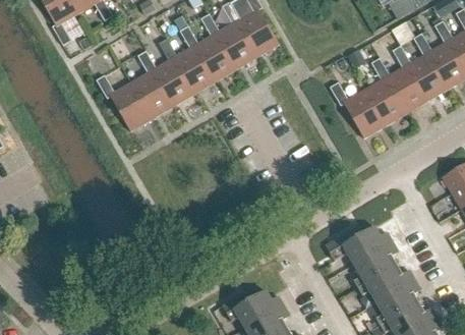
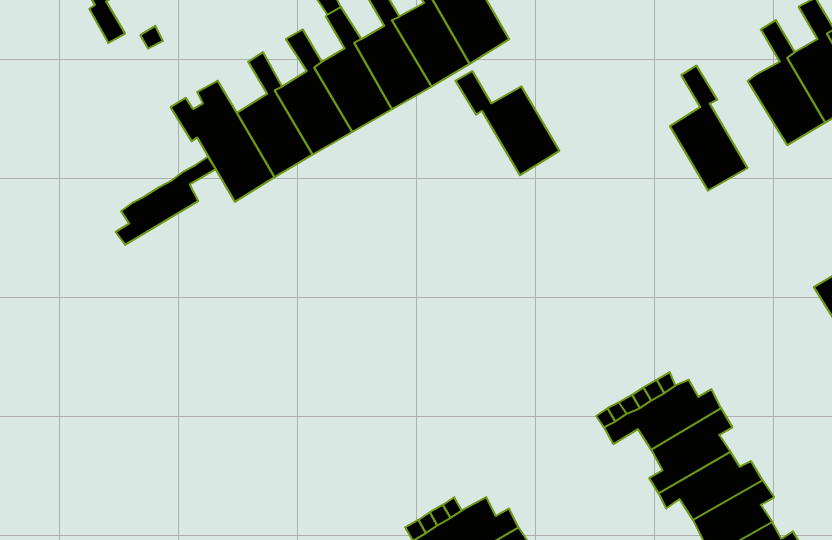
building: [386,45,427,112] -> none
building: [329,81,385,137] -> [455,71,559,175]
building: none -> [116,157,216,245]

